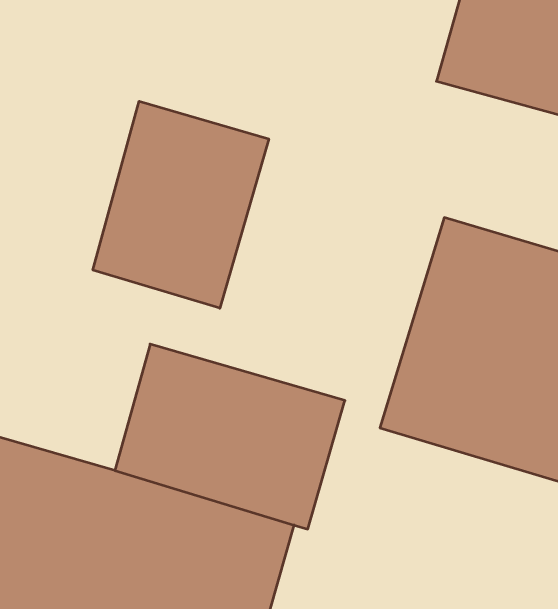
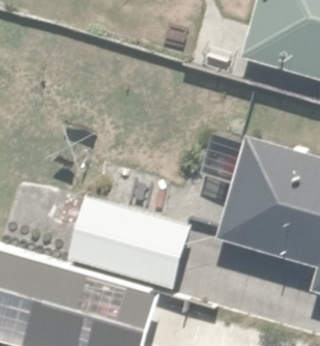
building: [93,101,269,308] -> none

